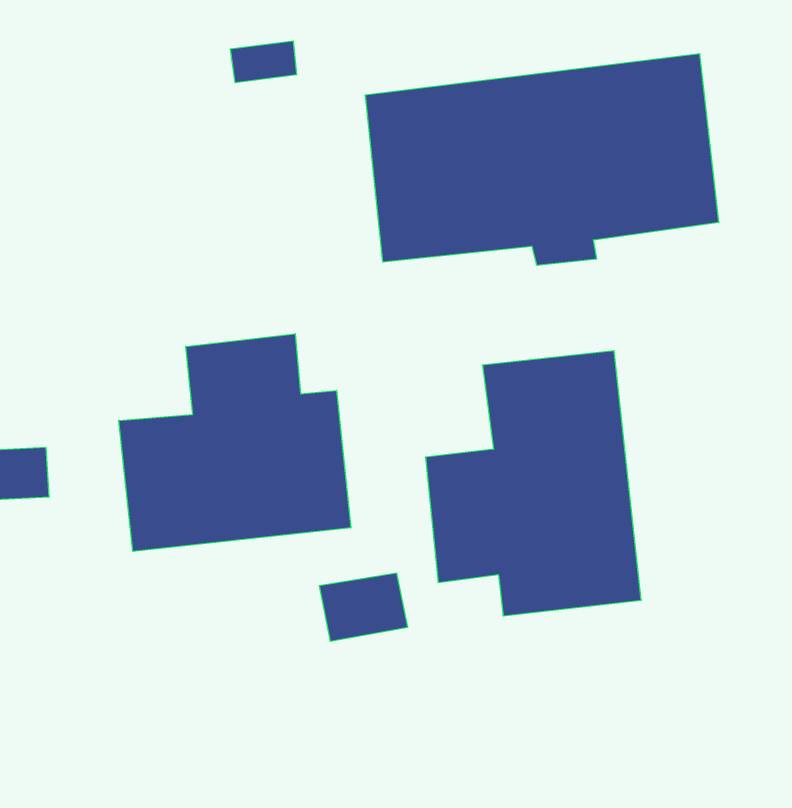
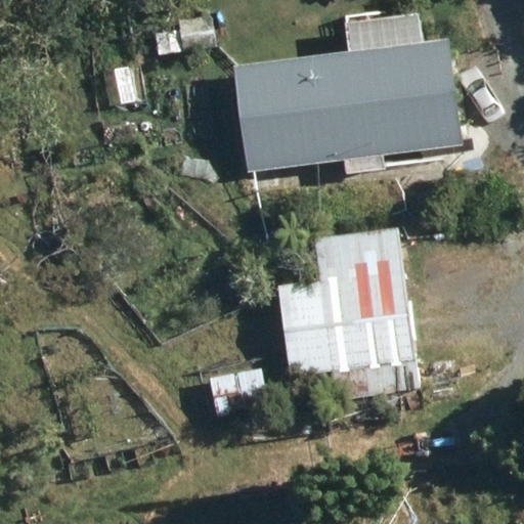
building: [119,334,351,551] -> none

